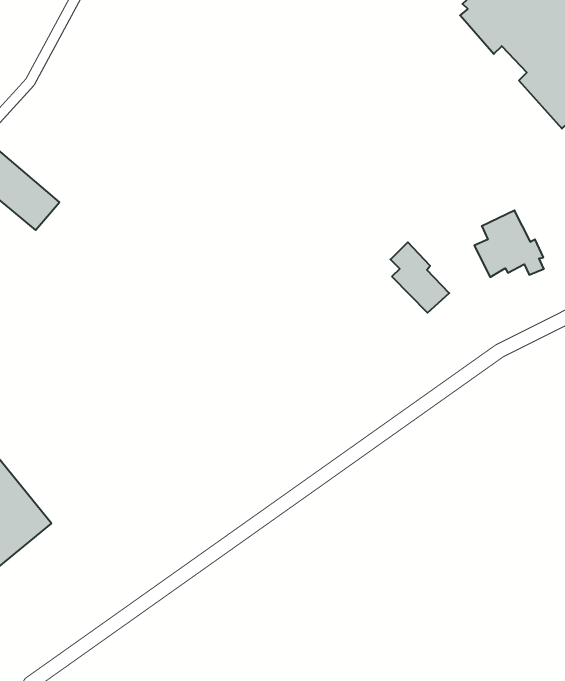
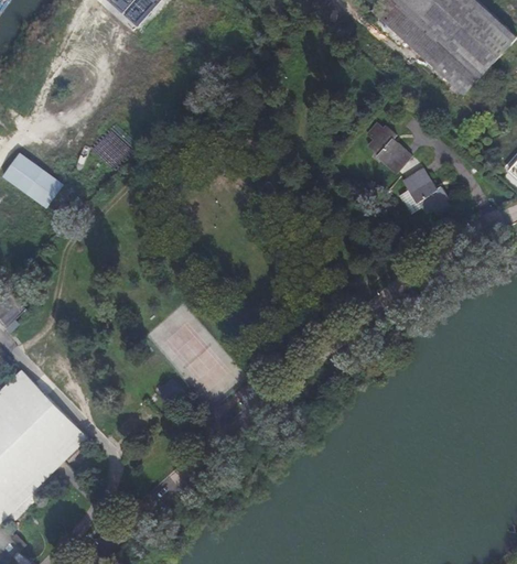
building: [390,242,449,313] -> [364,119,411,172]

